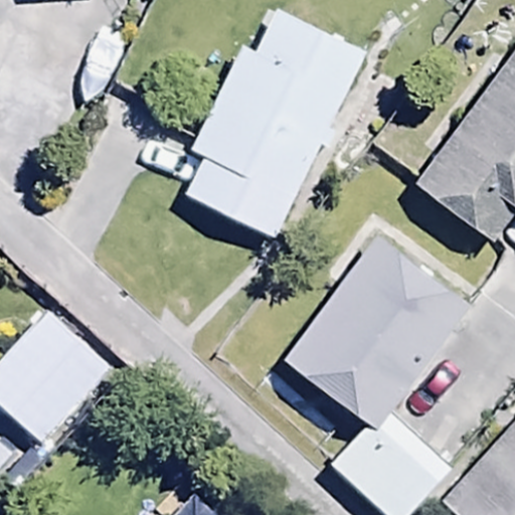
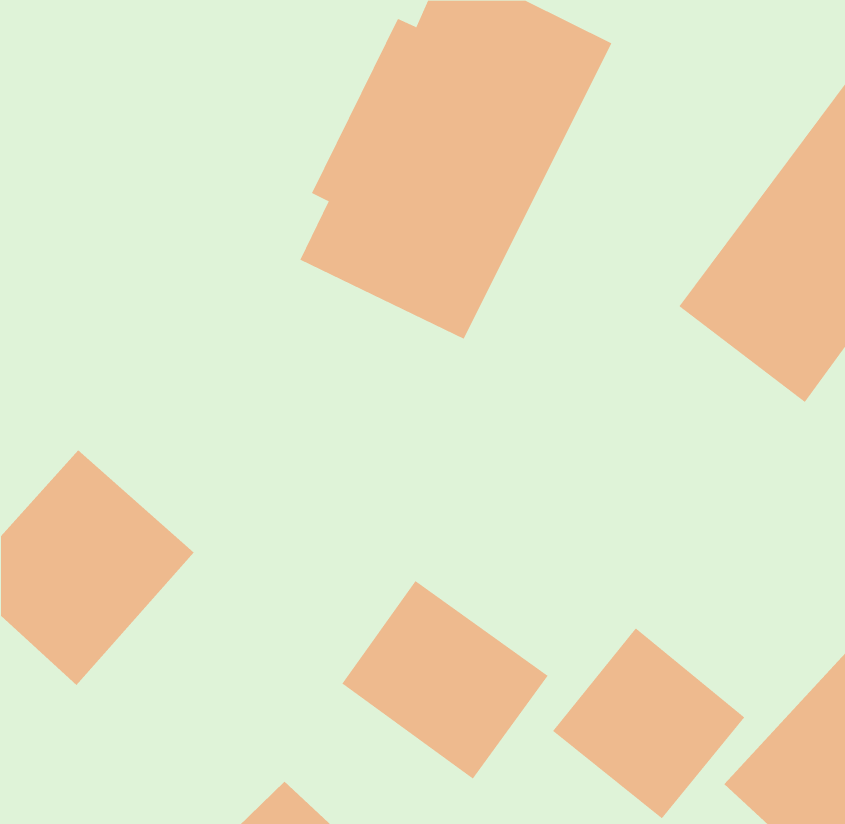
building: [280,203,470,405] -> none
building: none -> [342,580,549,780]

